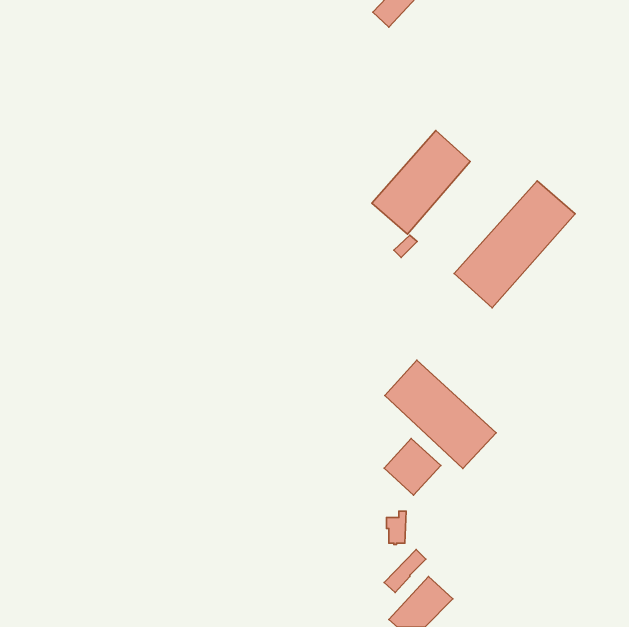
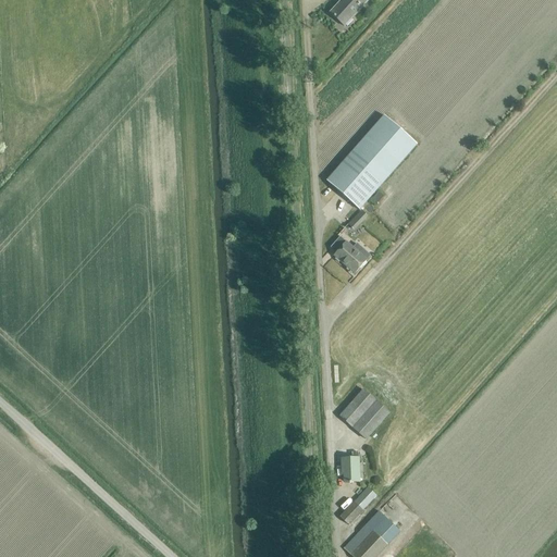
building: [454,181,575,308] -> none
building: none -> [331,235,367,272]
building: [385,360,496,468] -> none

